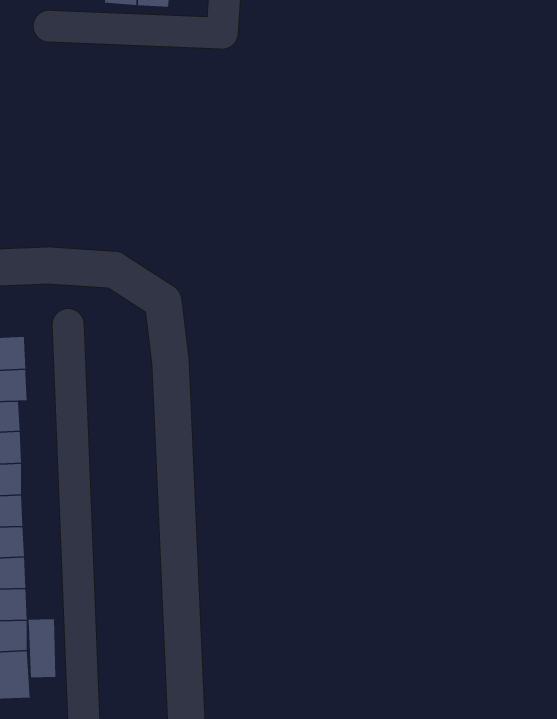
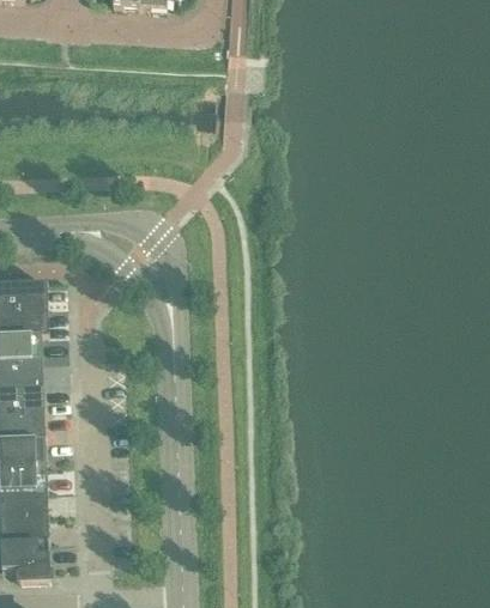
building: [28,618,56,678] -> none

